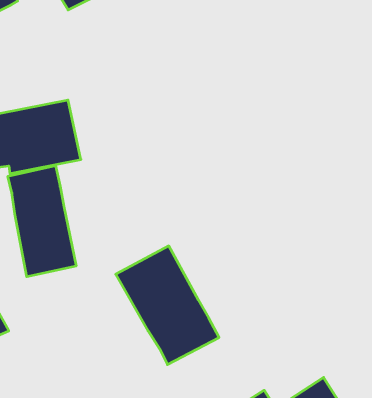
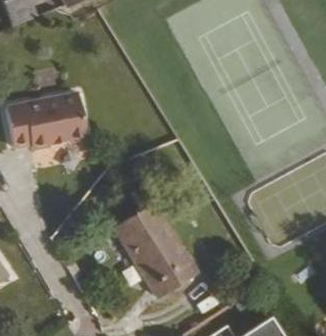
building: [8,165,76,277] -> none

